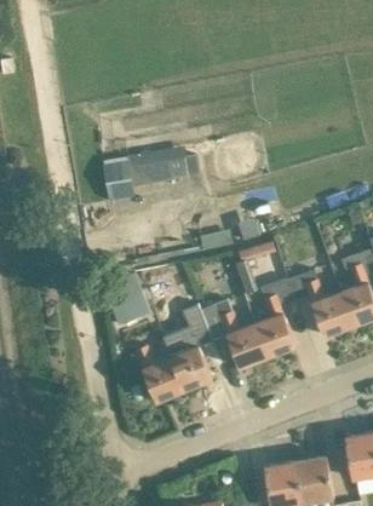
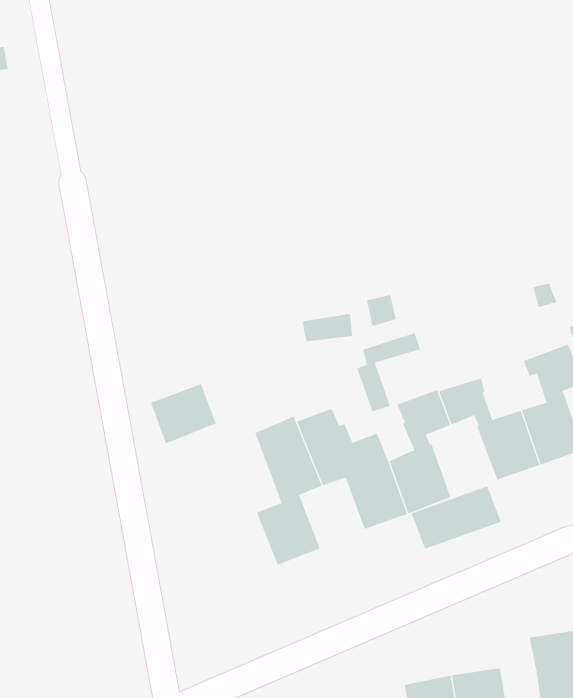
building: [104,156,199,197] -> none
building: none -> [411,486,502,550]
building: [134,346,183,402] -> none

